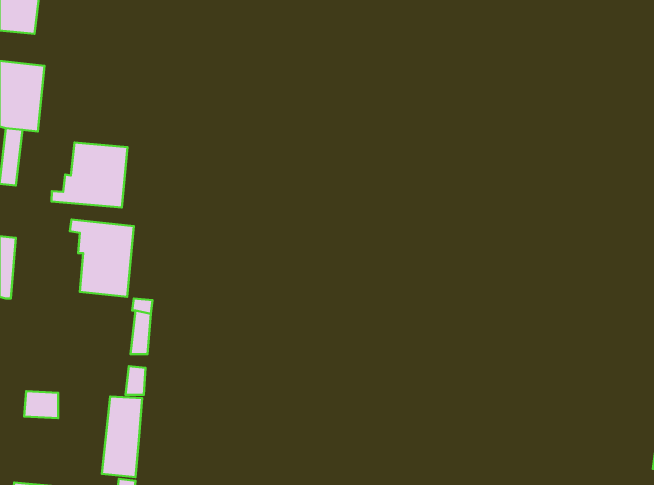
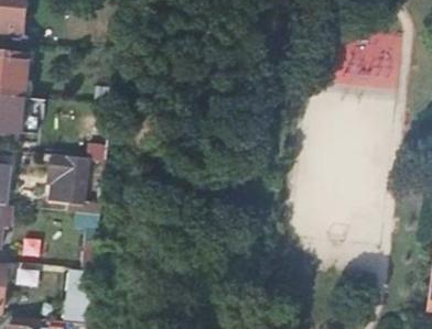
building: [51,142,128,207] -> none

